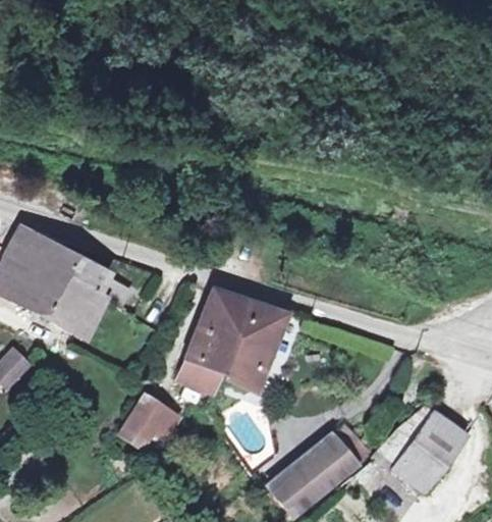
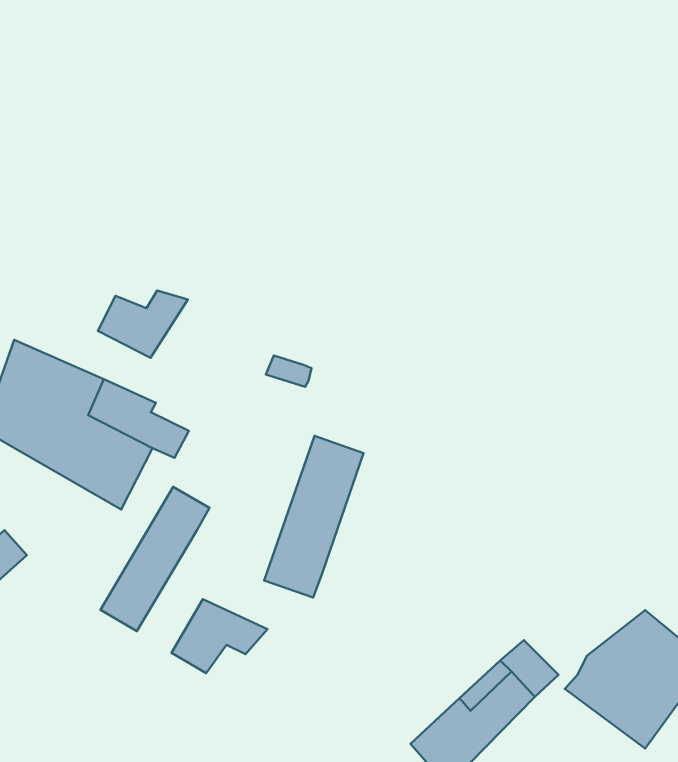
building: none -> [98,291,188,358]
building: [217,297,286,394] -> none
building: none -> [101,487,209,631]

